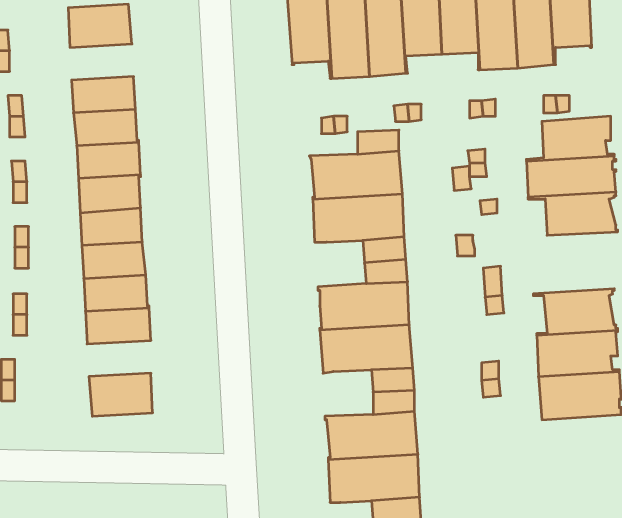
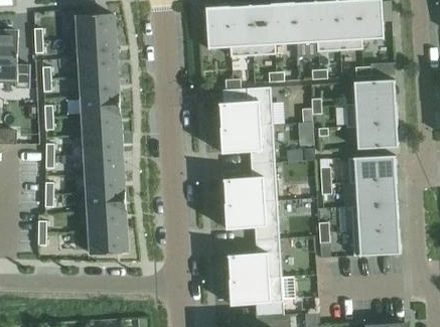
building: none -> [78,37,115,58]
building: none -> [347,155,396,183]
building: none -> [88,210,125,231]

